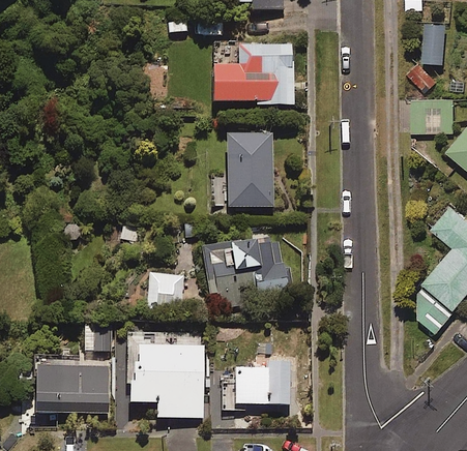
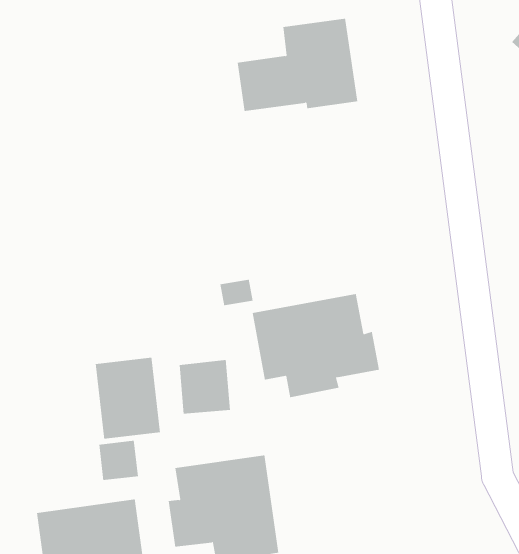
building: [227,132,273,207] -> none
building: none -> [95,357,161,440]
building: [234,366,289,403] -> none

